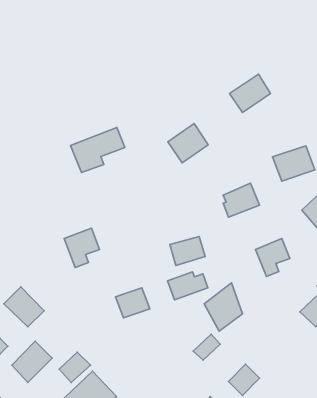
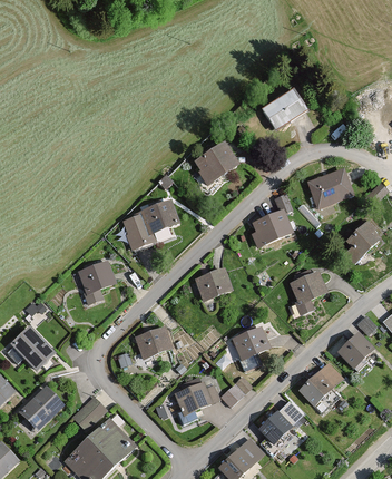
building: [71,127,125,173] -> [120,199,180,250]
building: [167,272,208,300] -> [174,382,218,413]
building: none -> [297,361,344,408]

